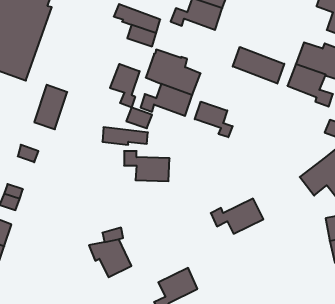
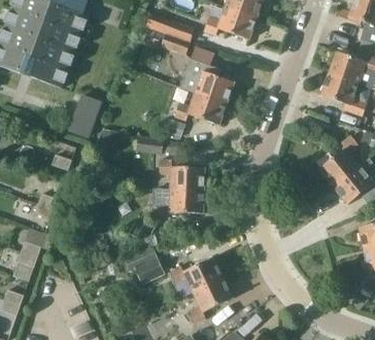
building: [233,47,284,84] -> none
building: [110,64,140,108] -> none
building: [195,102,233,137] -> none
building: none -> [319,135,359,185]
building: none -> [157,189,202,218]
building: [211,199,263,234] -> [169,256,221,291]

